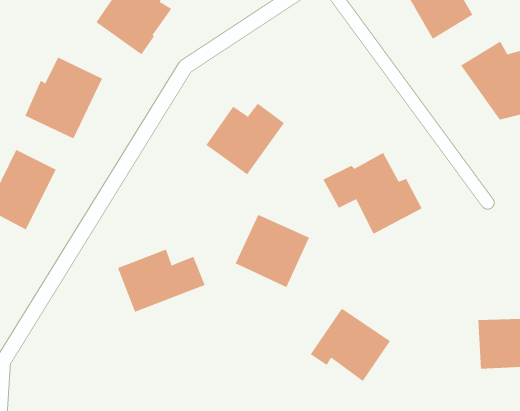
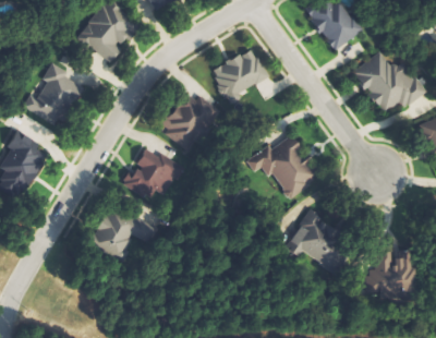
building: none -> [207,47,268,102]
building: [235,214,310,288] -> [124,147,181,203]
building: [310,308,391,382] -> [284,212,346,267]

